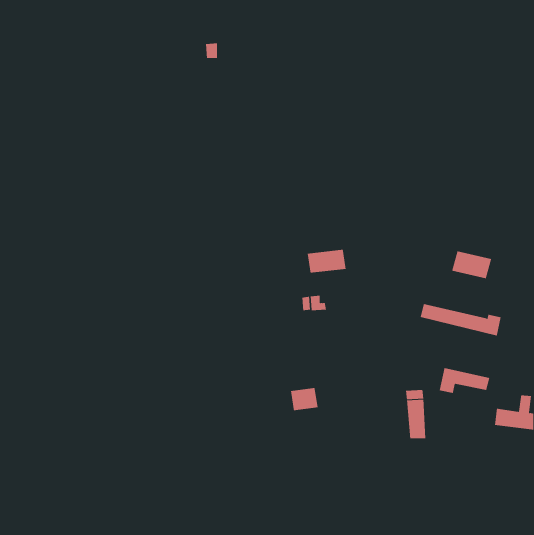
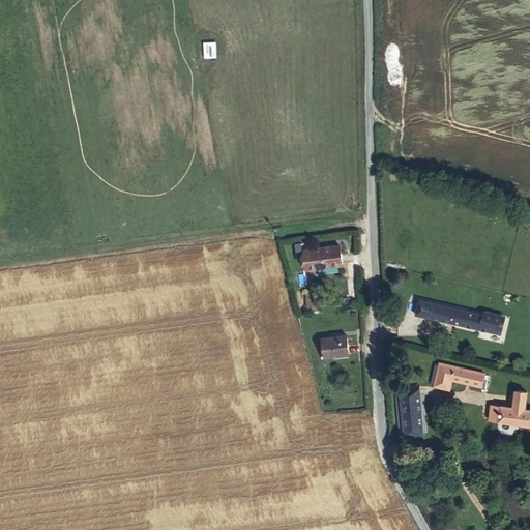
building: [452,251,492,279] -> none
building: [290,388,318,411] -> [321,334,349,357]

